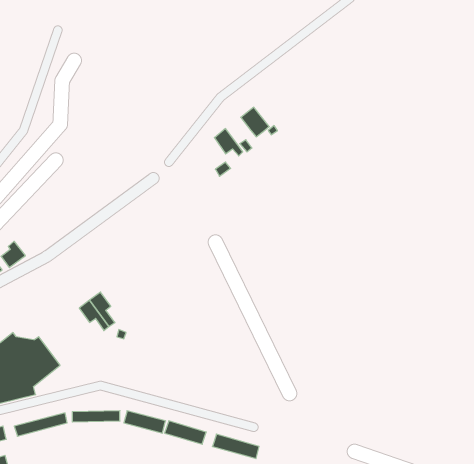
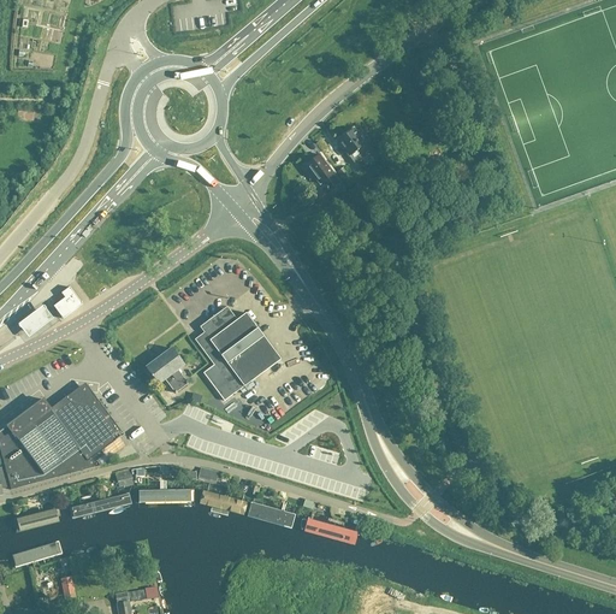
building: none -> [194,306,280,400]

